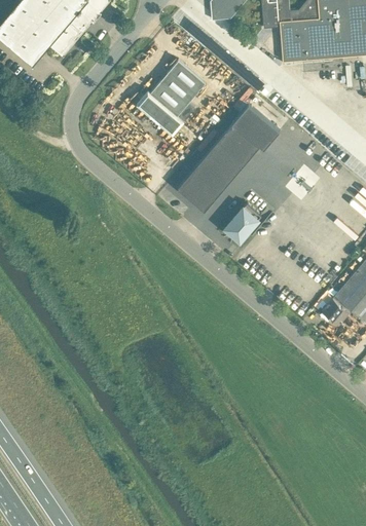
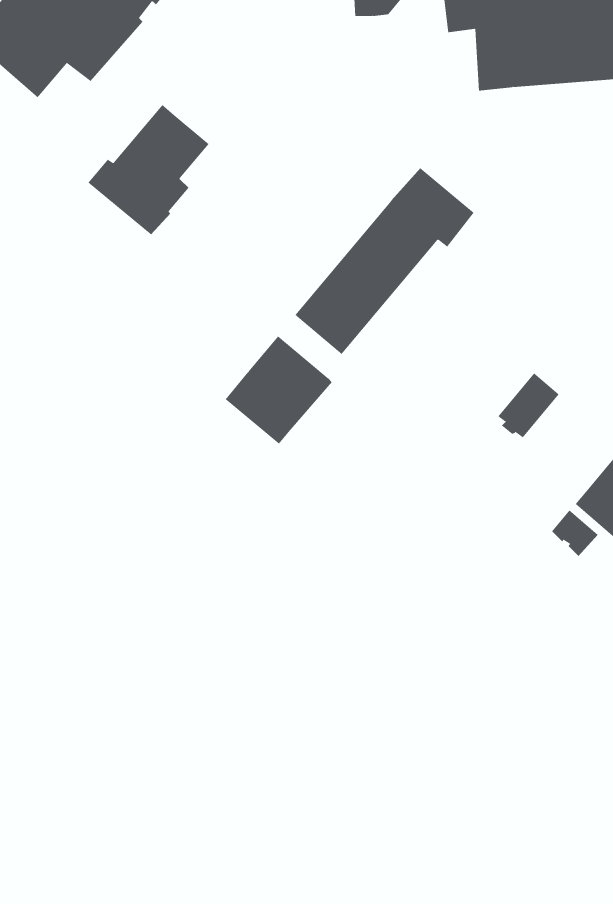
building: [136,59,205,133] -> [87,104,209,235]
building: none -> [225,336,332,444]
building: [225,202,260,239] -> [498,373,559,438]

